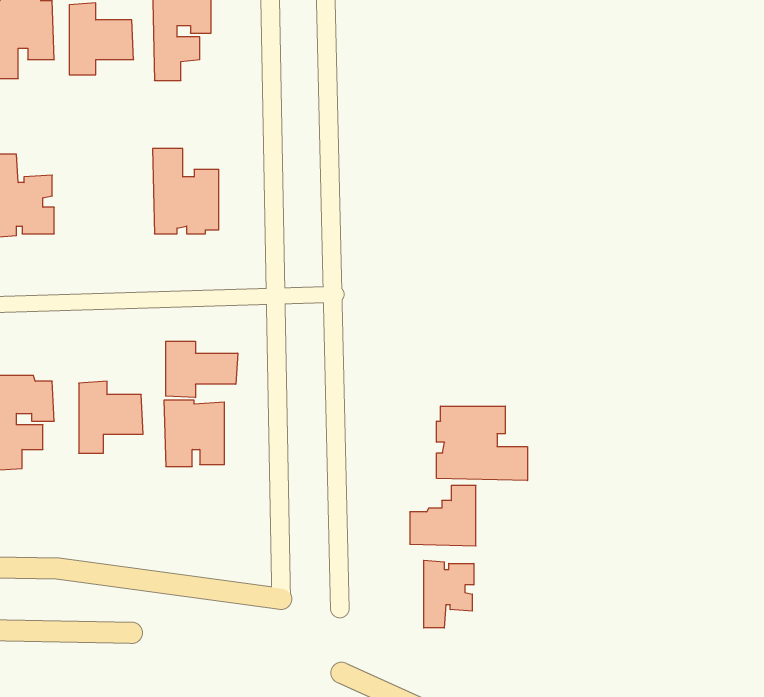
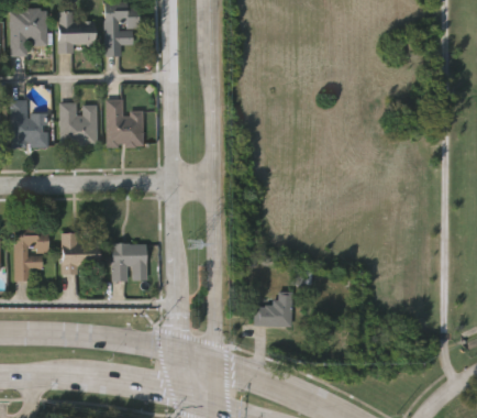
building: none -> [60,102,98,146]
building: [166,341,238,398] -> none
building: [437,406,527,481] -> none
building: [424,560,474,628] -> none

